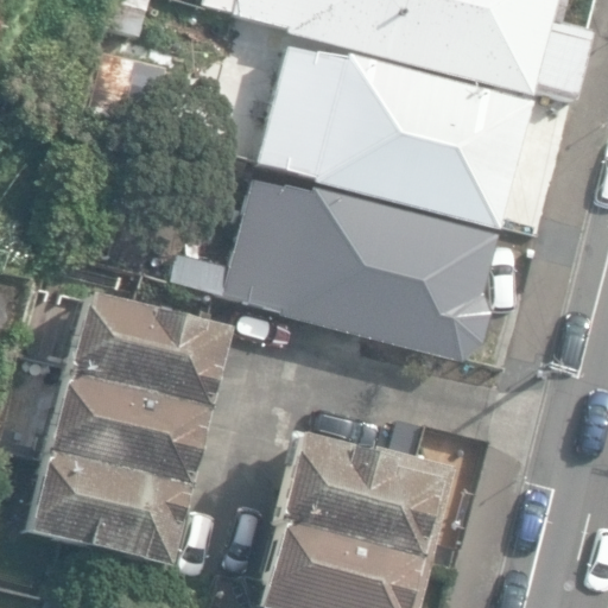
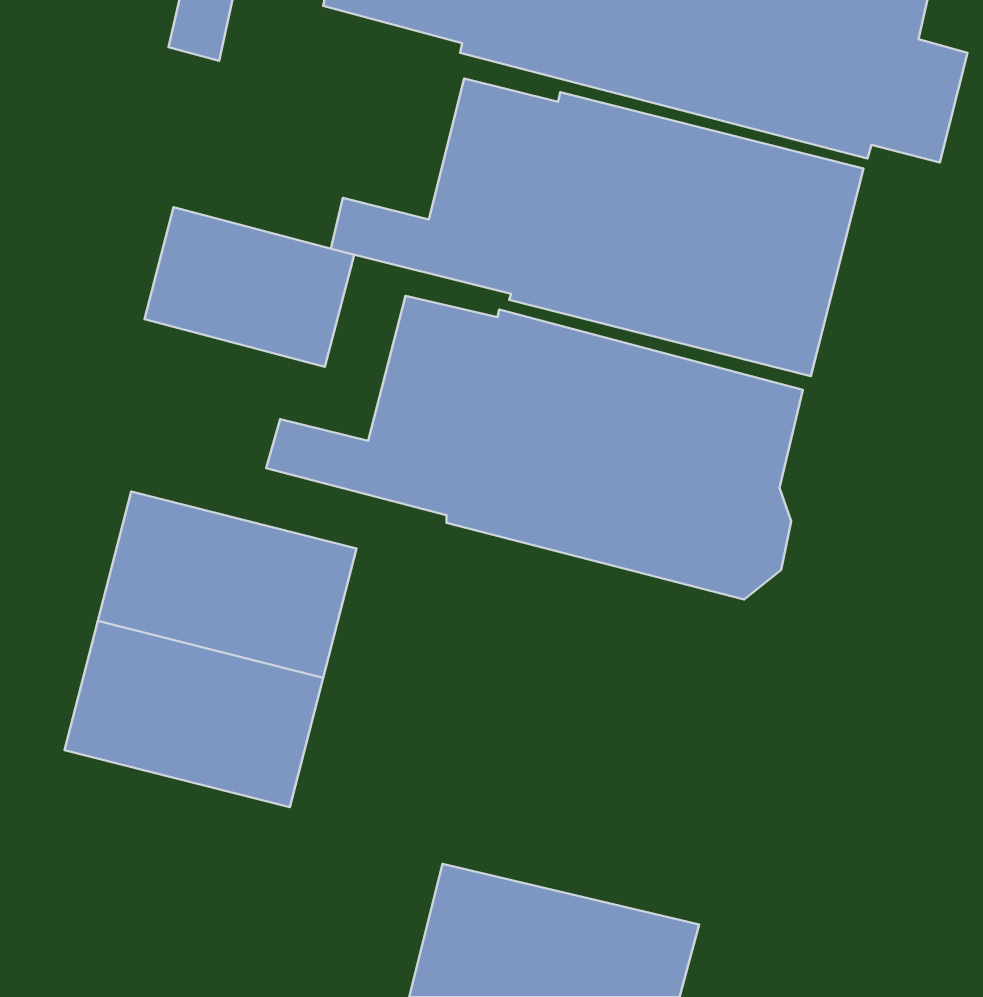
building: none -> [144,207,354,367]
building: [279,439,457,560] -> none
building: [30,455,186,566] -> none

